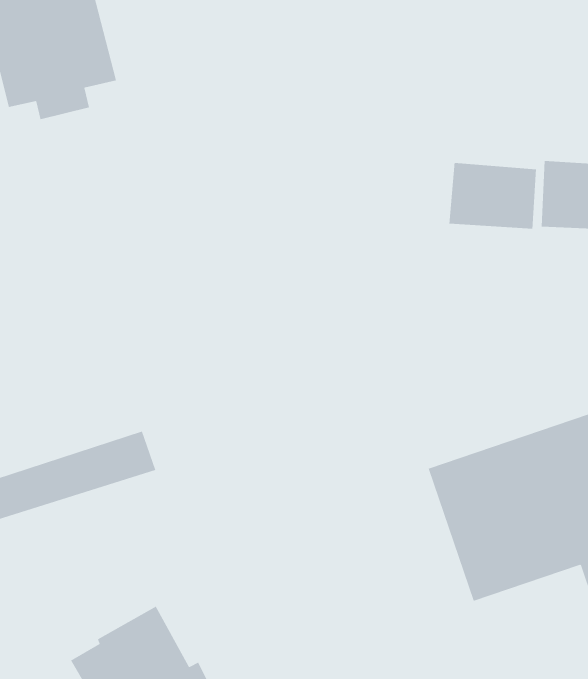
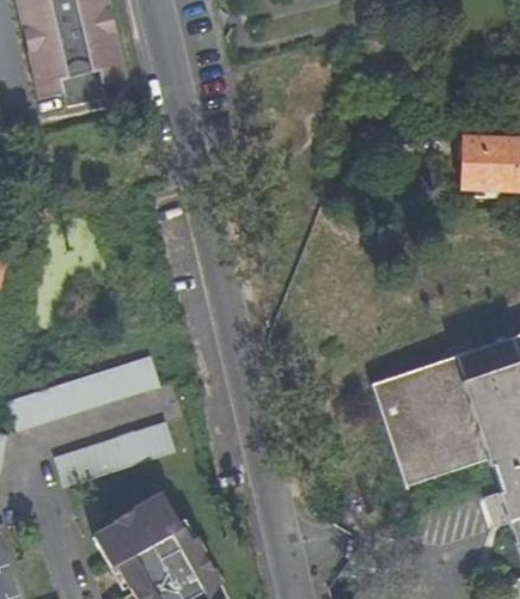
building: [449,162,536,230] -> none
building: none -> [53,421,173,487]

